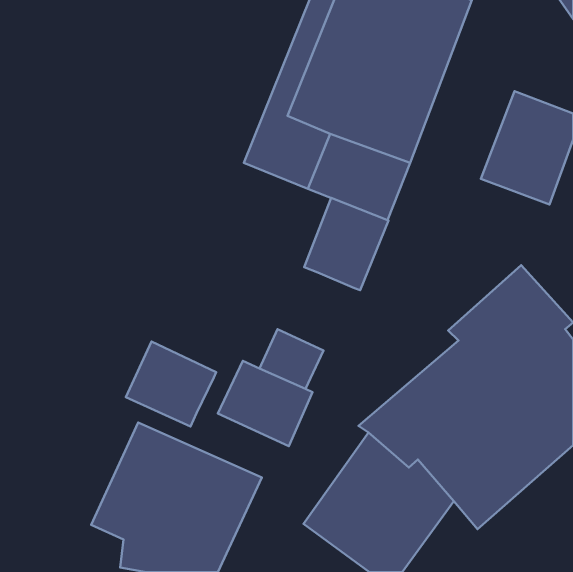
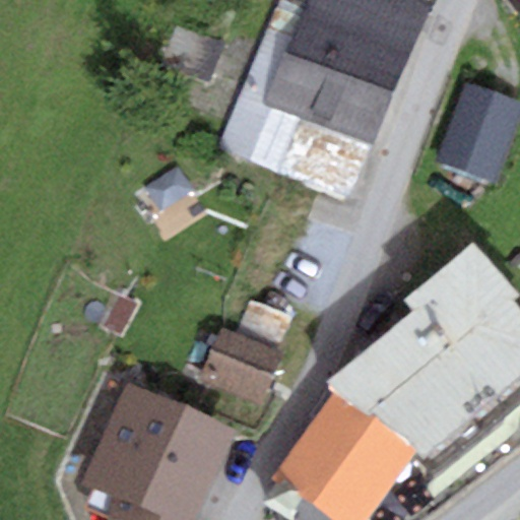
building: [304,198,389,290] -> none
building: [126,341,216,427] -> none

